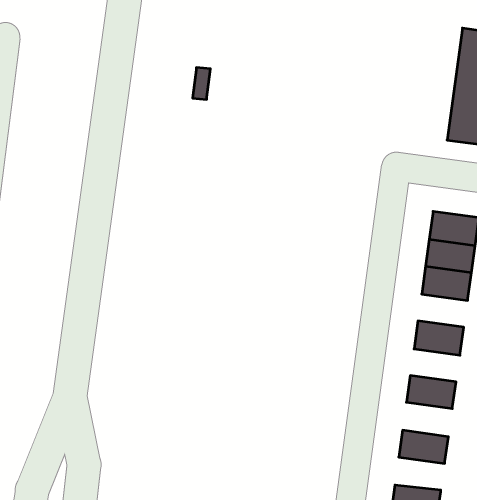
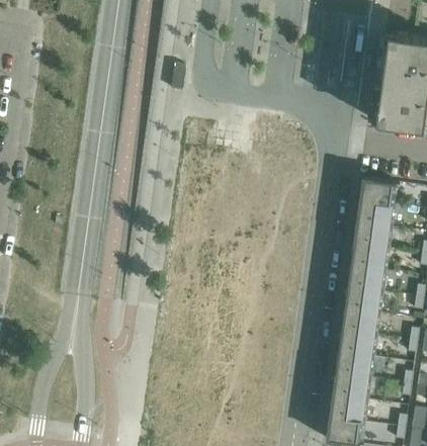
building: none -> [349,246,389,272]
building: none -> [343,289,382,316]
building: none -> [337,332,376,359]
building: none -> [331,375,370,403]

